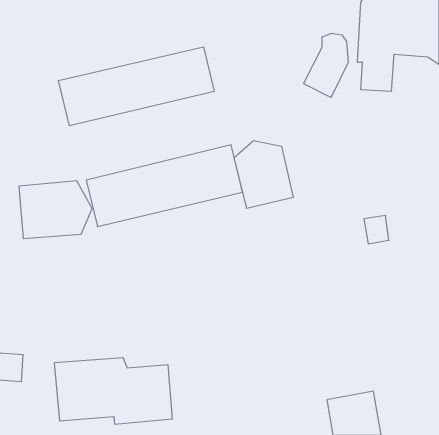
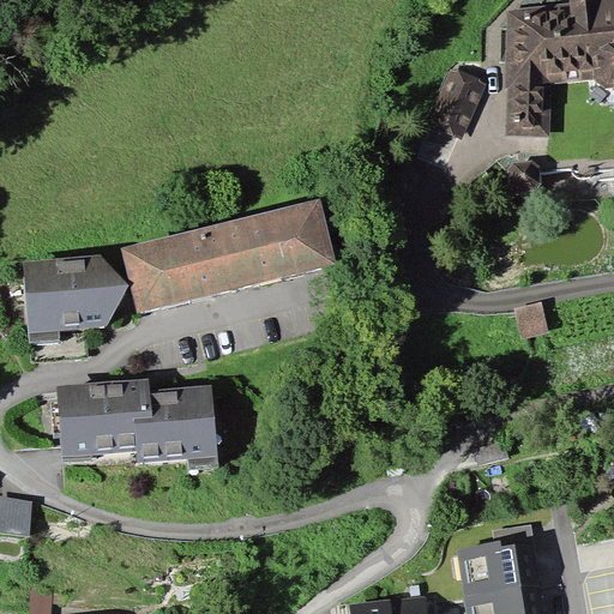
building: [59,47,214,126] -> none
building: [234,141,293,208] -> none
building: [54,358,172,424] -> [56,374,221,466]

